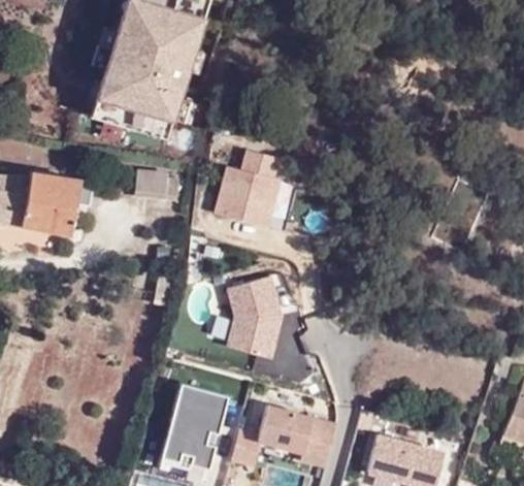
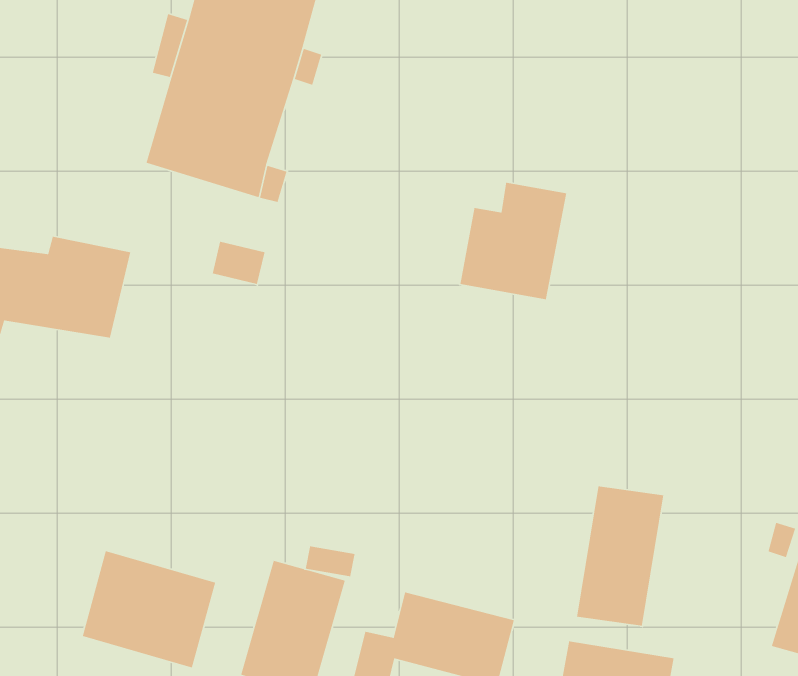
building: [211,150,282,227] -> [460,182,567,300]
building: [223,276,284,359] -> none
building: none -> [576,486,664,627]
building: none -> [82,550,216,669]

